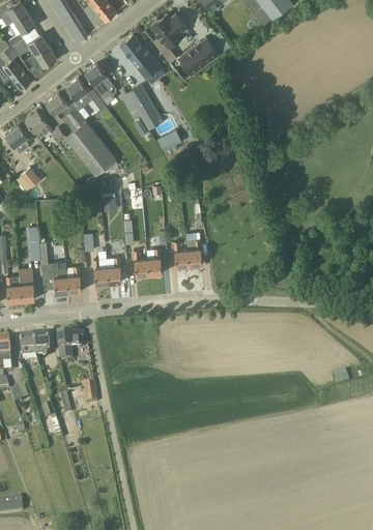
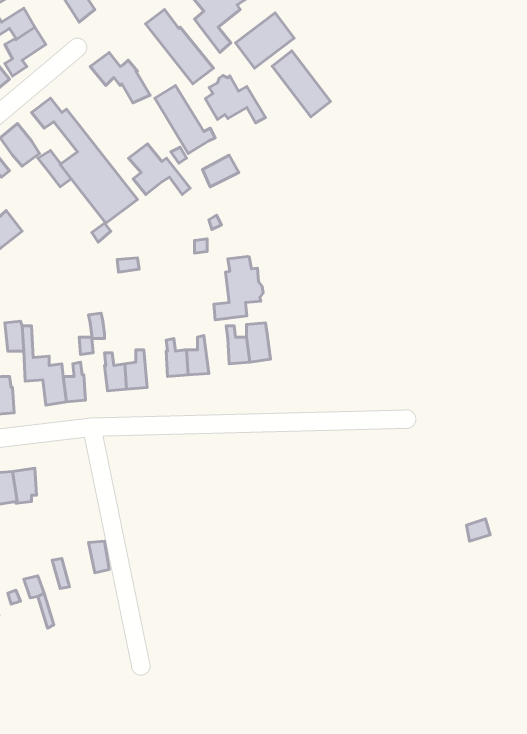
building: none -> [272,51,331,117]
building: [66,78,107,111] -> [128,144,190,195]
building: none -> [205,76,265,123]
building: none -> [214,257,263,320]
building: [57,332,84,360] -> none

